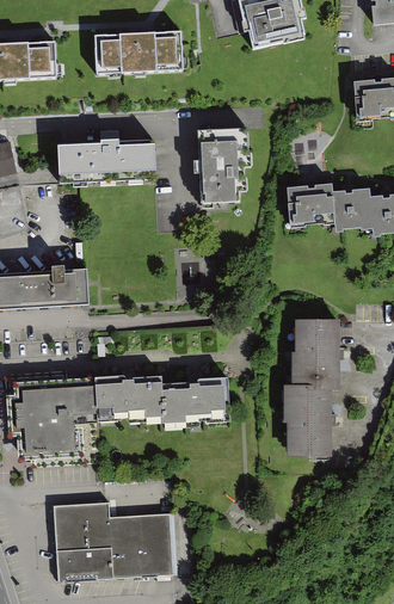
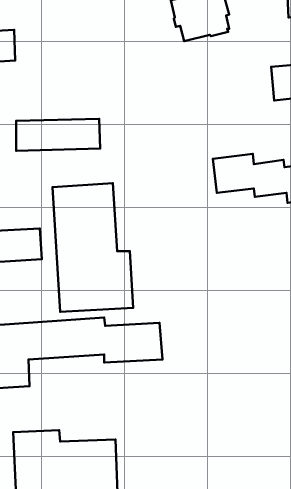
building: [94,25,183,69] -> none
building: [196,128,250,202] -> none
building: none -> [53,183,133,312]
building: [283,319,339,452] -> none

